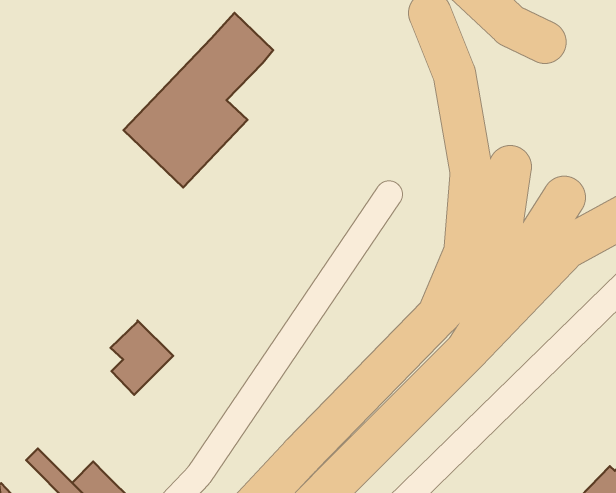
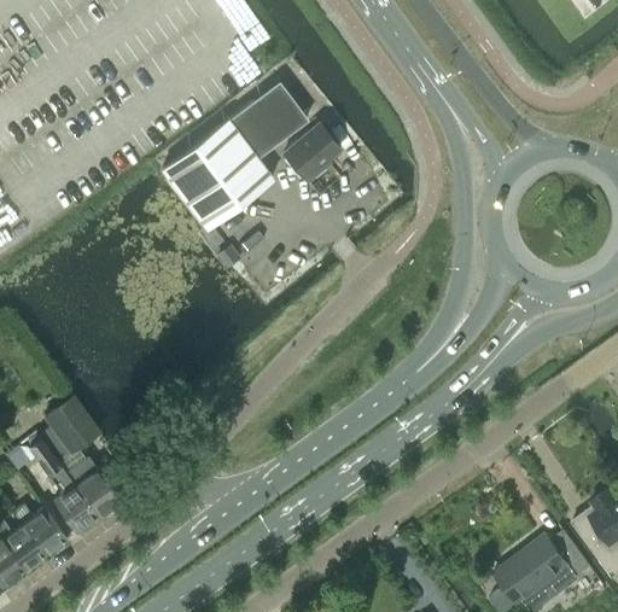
building: none -> [285,124,340,181]
building: [110,320,173,395] -> [43,397,100,462]

